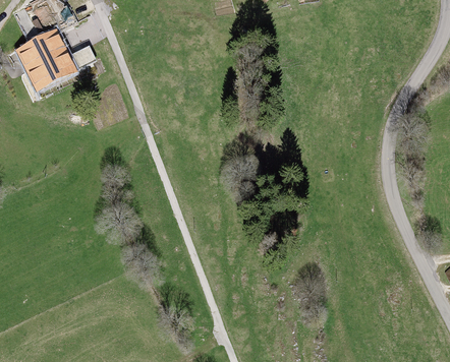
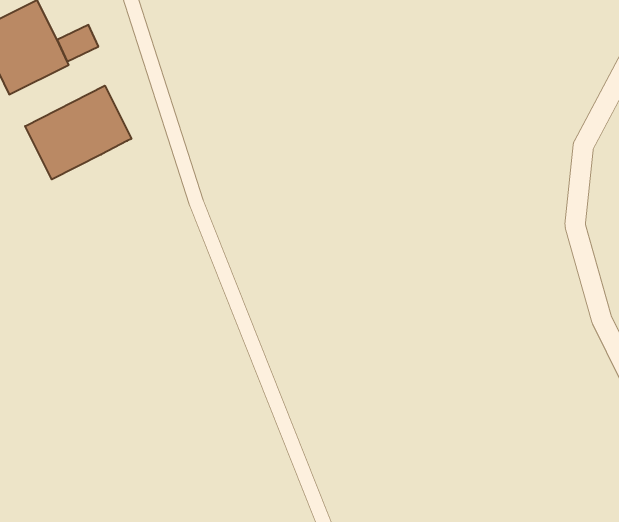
building: none -> [25,86,131,179]

